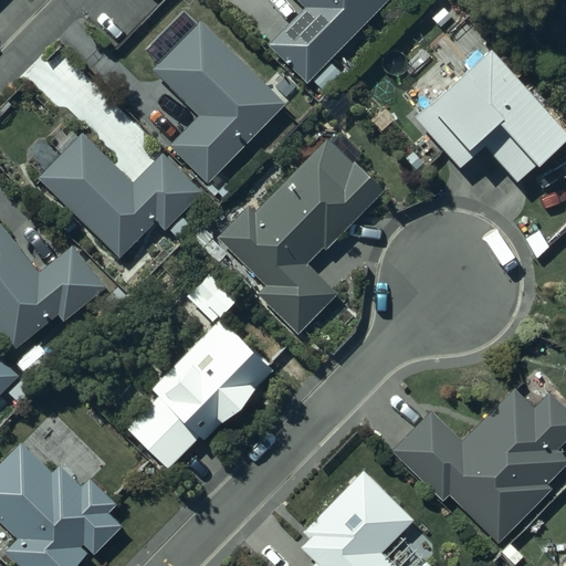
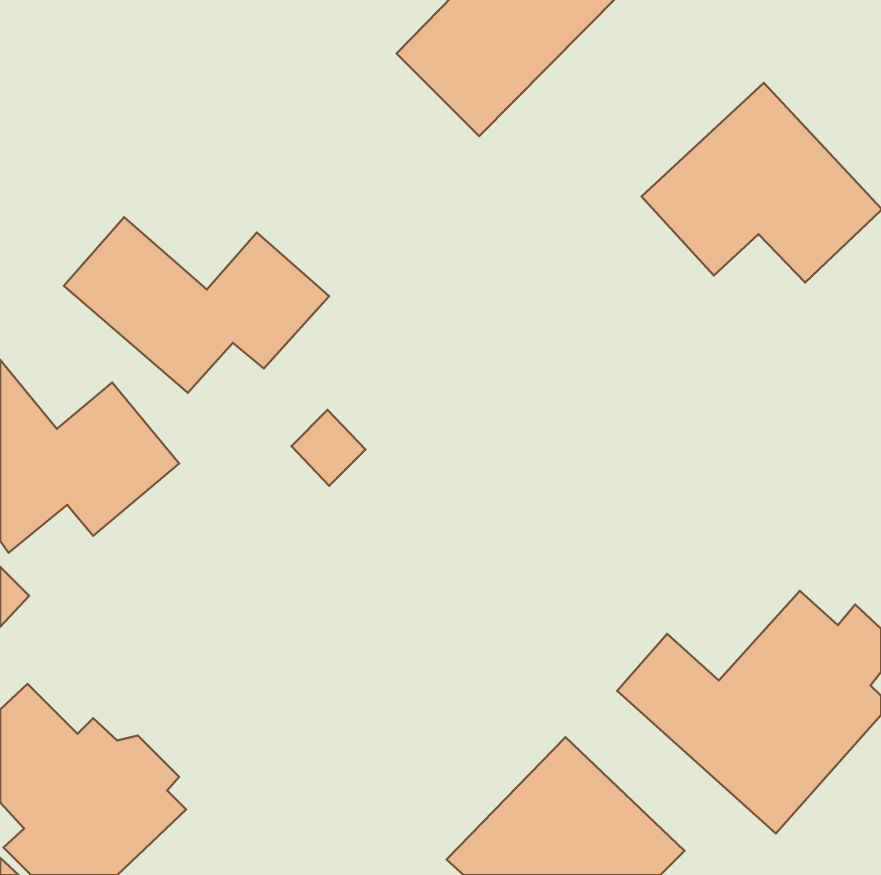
building: [149,21,285,185] -> none
building: [219,140,380,340] -> none
building: [129,318,280,461] -> none

